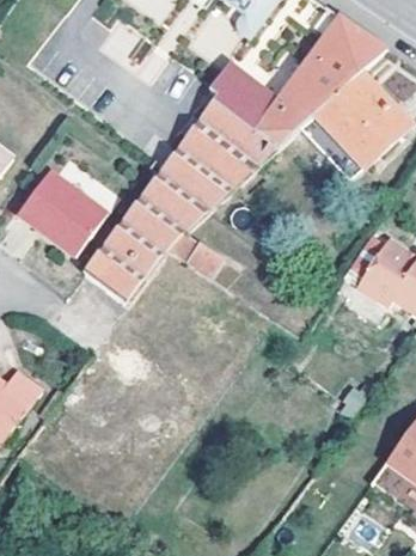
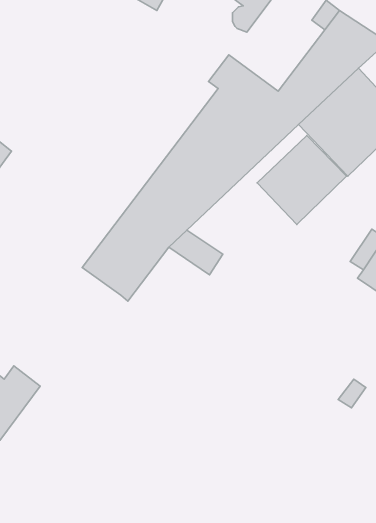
building: none -> [257,136,347,224]
building: [17,169,108,255] -> none

